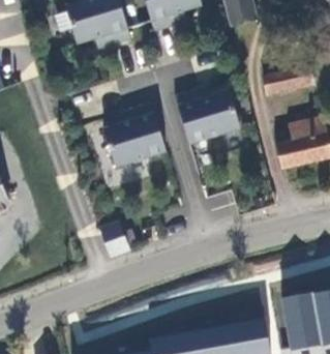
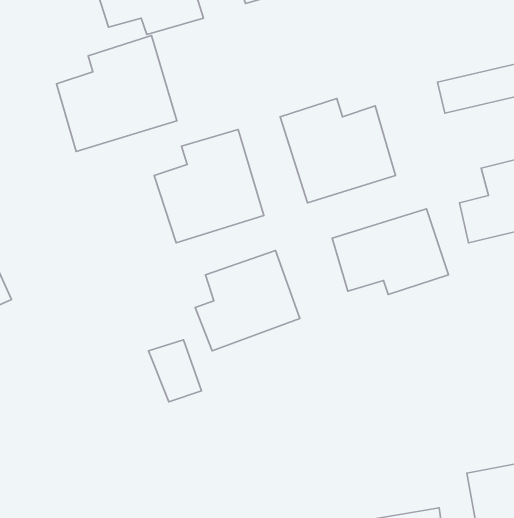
building: none -> [56,36,177,151]
building: none -> [332,209,448,295]
building: none -> [195,250,300,351]

